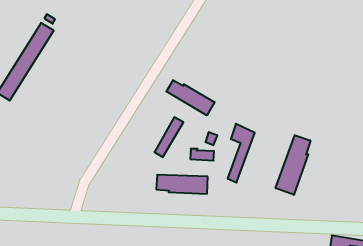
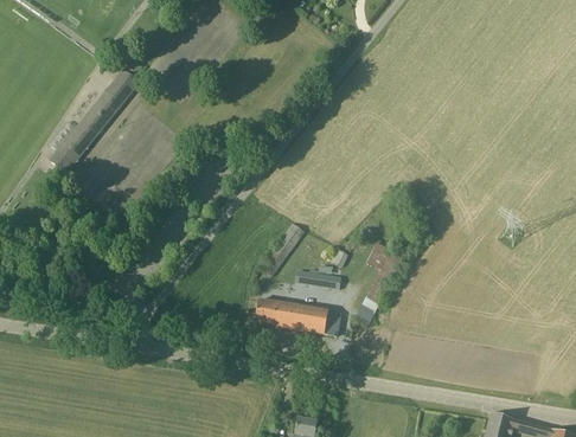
building: [166,80,215,115] -> none
building: [276,135,310,195] -> none

